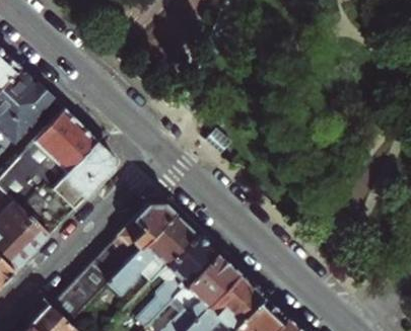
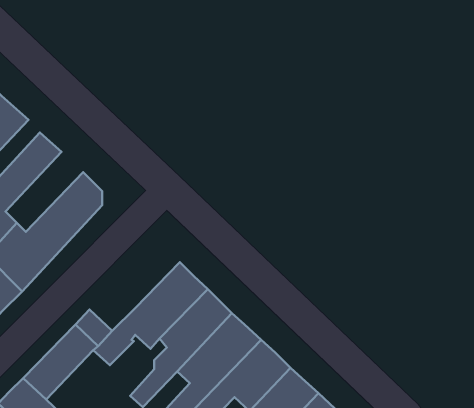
building: [36,125,97,188] -> none
building: [111,202,175,250] -> none

